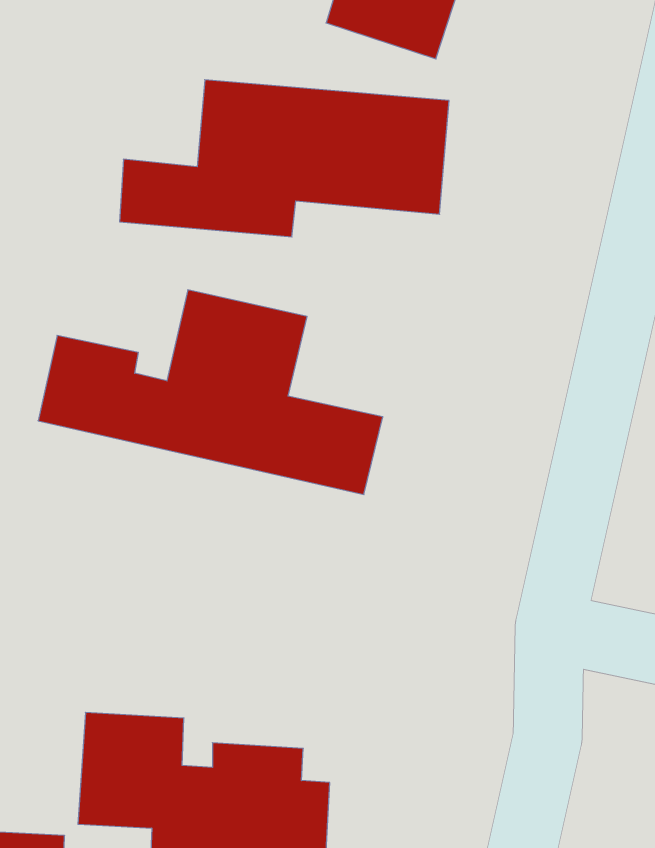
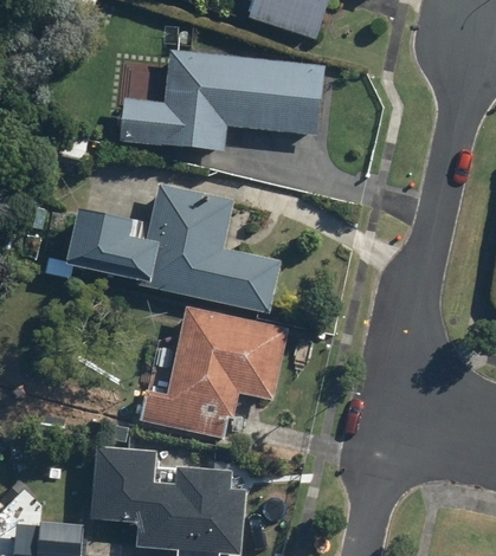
building: none -> [139,306,288,435]

